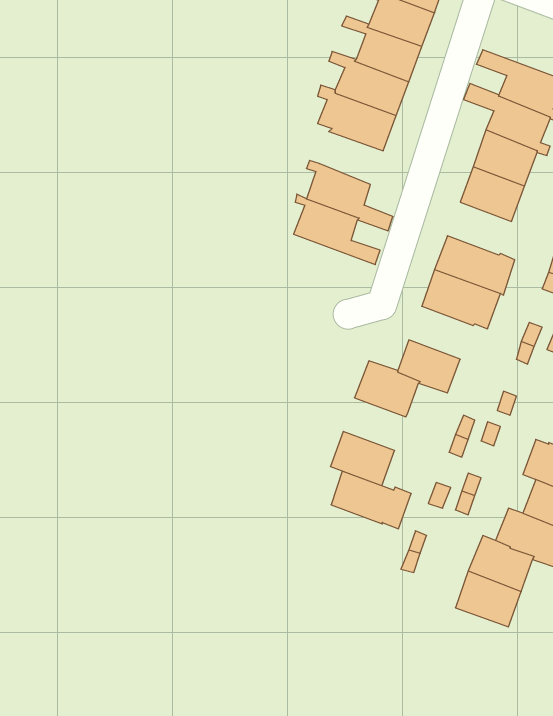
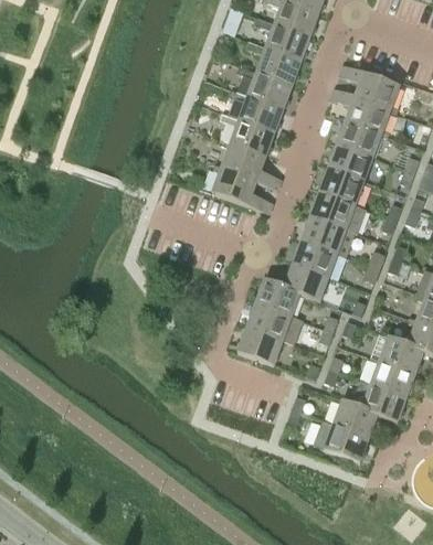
building: none -> [220,111,275,157]
building: none -> [319,169,363,205]
building: none -> [293,241,337,277]
building: [331,471,411,529] -> [247,303,303,343]

